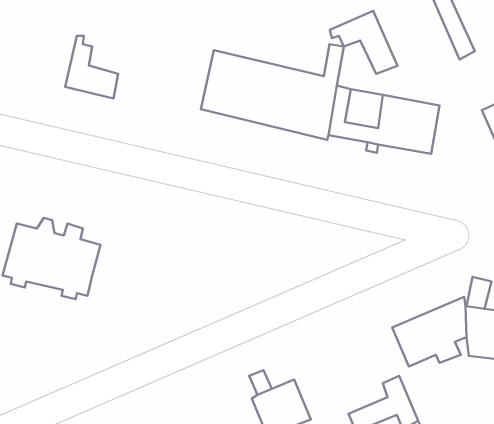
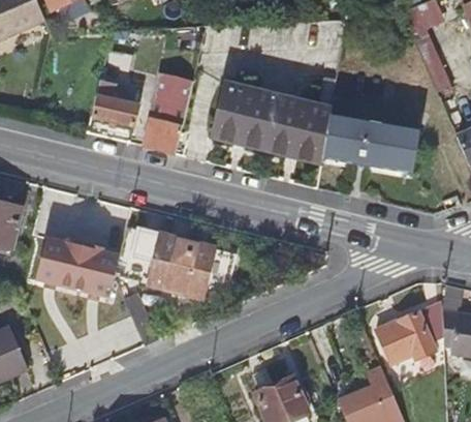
building: [330,11,398,74] -> none
building: none -> [143,73,193,154]
building: none -> [117,228,240,296]

